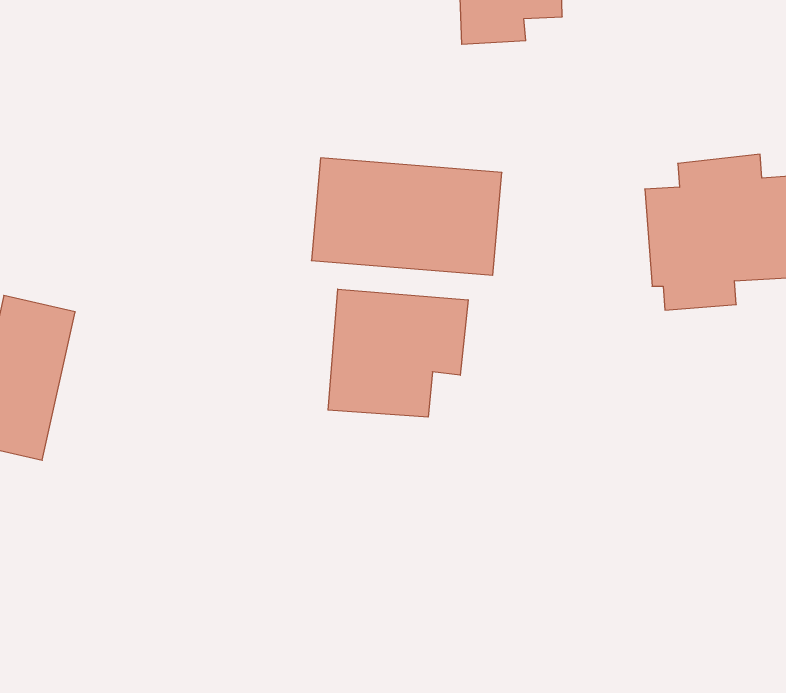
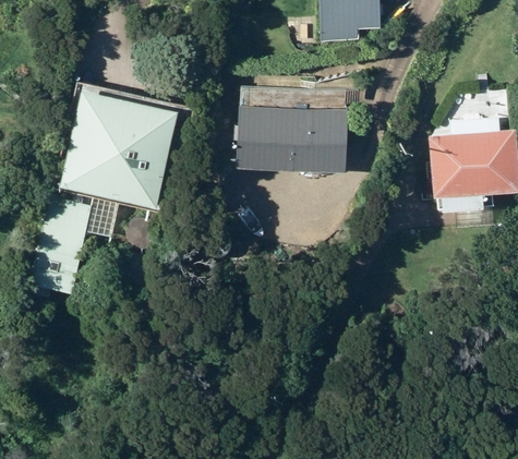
building: none -> [59,78,180,200]
building: [328,289,468,417] -> none

